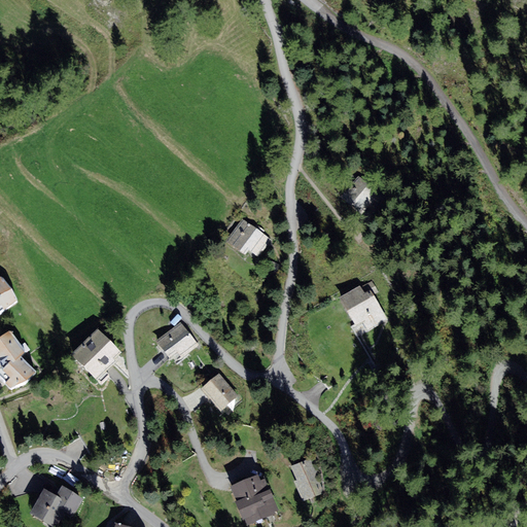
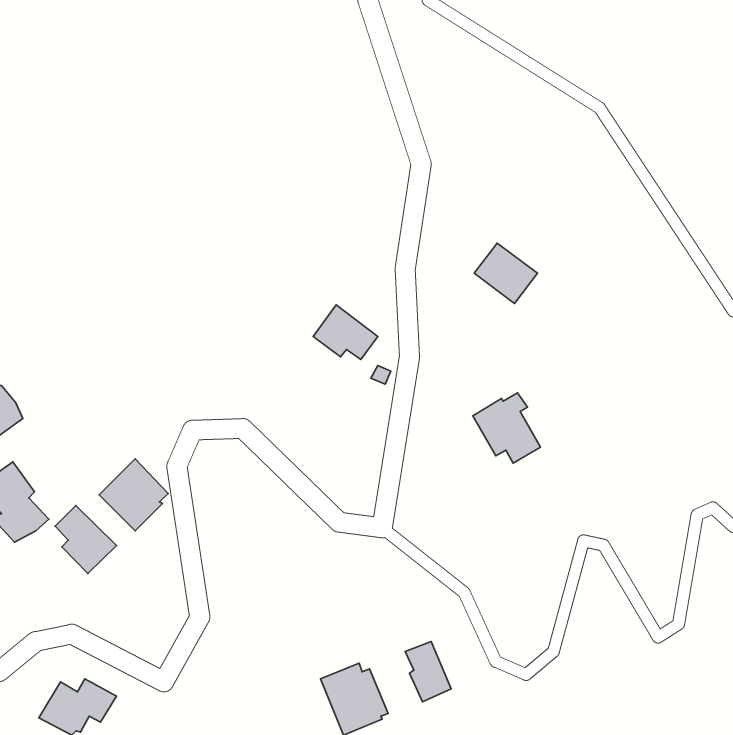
building: [155,321,198,358] -> none
building: none -> [55,505,117,573]
building: [201,374,238,411] -> none

